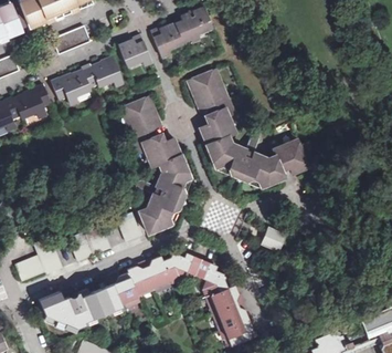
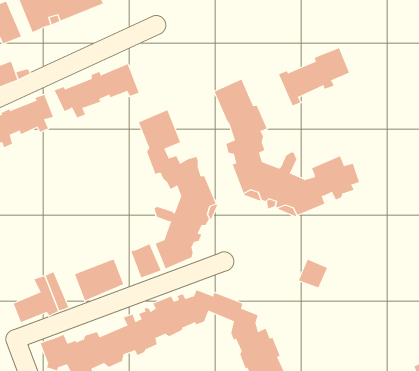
building: [150,7,212,58] -> [278,47,350,106]
building: [52,25,91,54] -> none
building: [119,34,151,65] -> none

